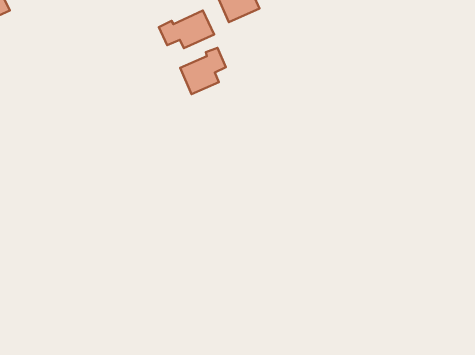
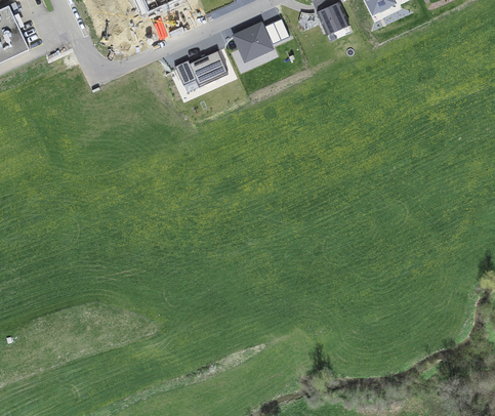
building: [180,48,226,94] -> none

